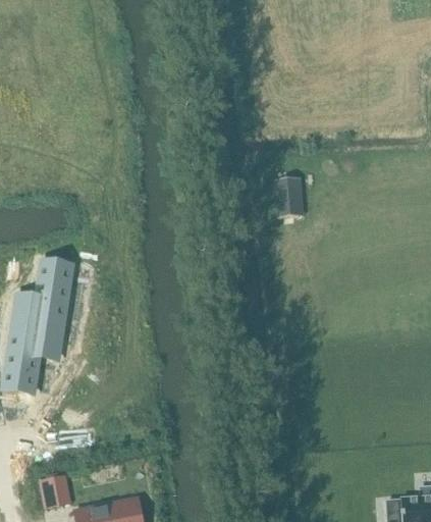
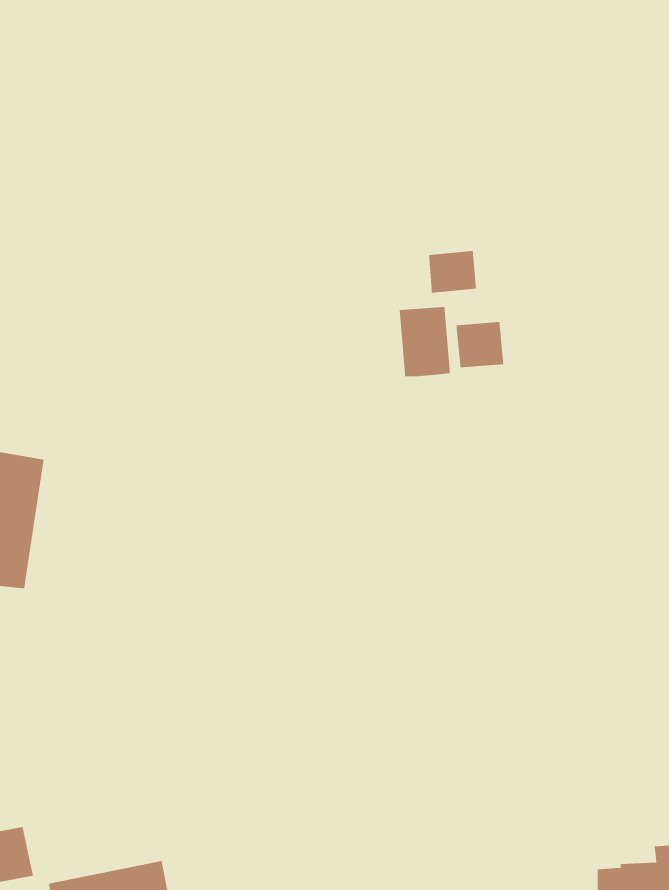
building: none -> [428,250,477,294]
building: none -> [456,321,504,368]

